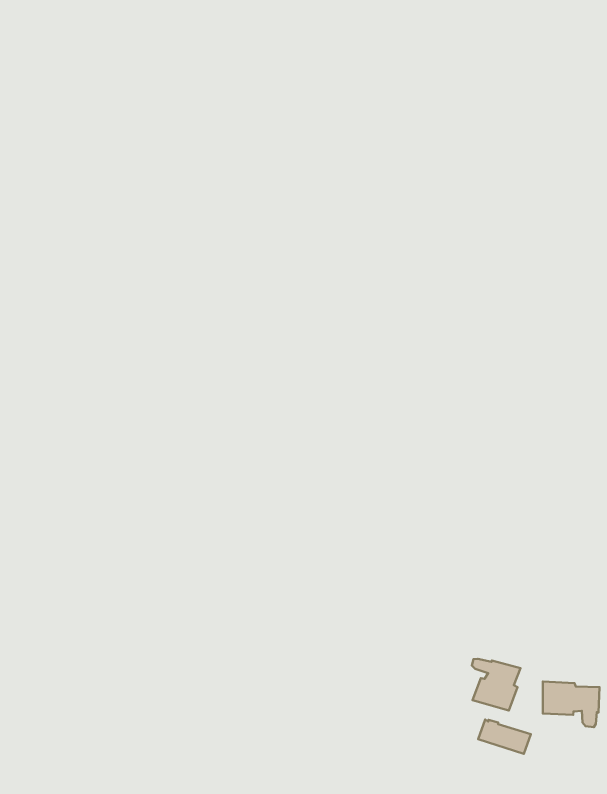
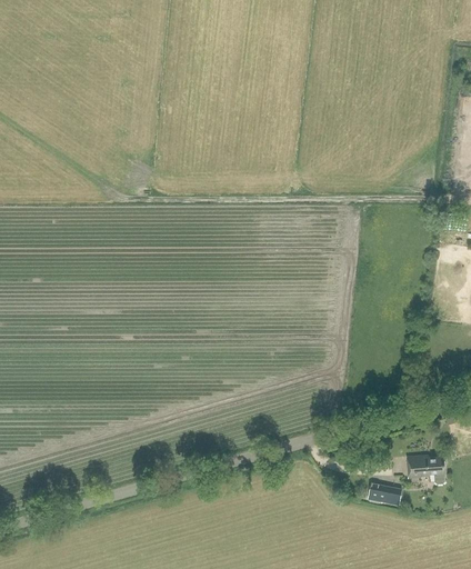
building: [472,659,521,711] -> none

